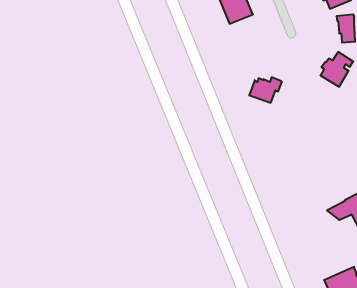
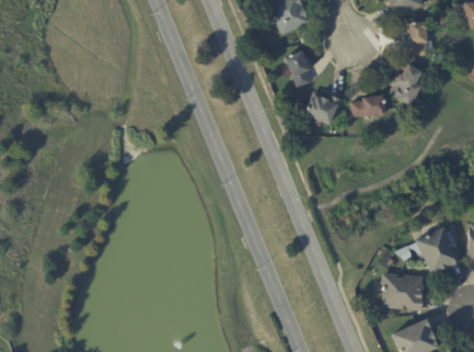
building: none -> [284,52,310,87]
building: none -> [350,95,384,117]
building: none -> [382,271,424,308]

